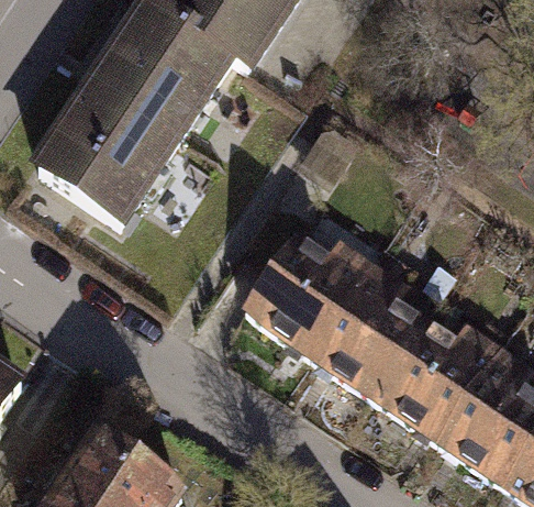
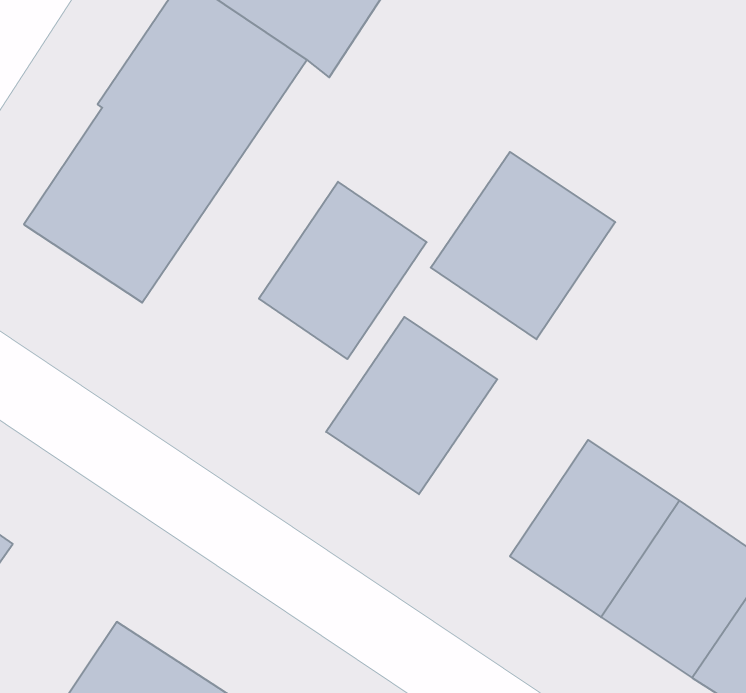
building: none -> [431,152,615,339]
building: none -> [259,182,427,359]
building: [308,277,424,399] -> none

